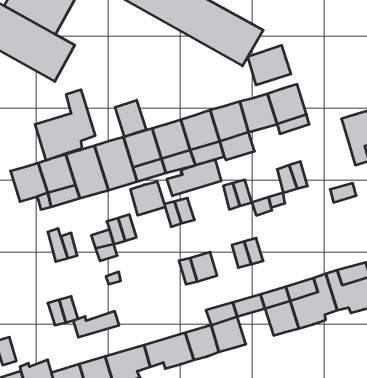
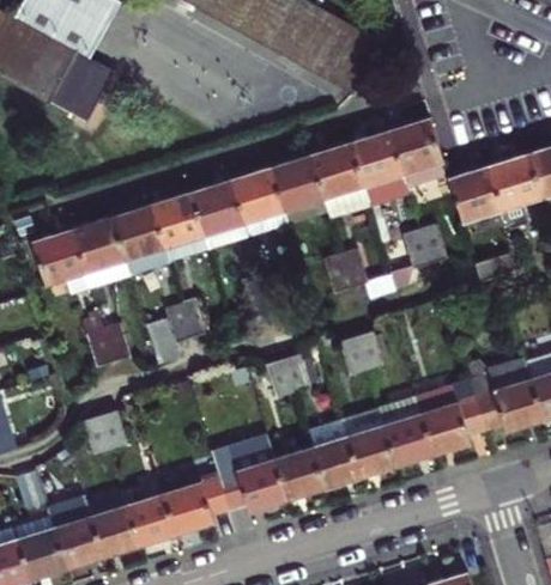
building: [248,45,291,85] -> none
building: [35,90,95,160] -> none
building: [115,100,146,137] -> none
building: none -> [448,166,503,223]
building: none -> [362,173,408,211]
building: [167,159,221,196] -> none
building: [131,182,165,215] -> none
building: none -> [346,427,396,476]
building: [73,311,119,337] -> [211,441,274,477]

